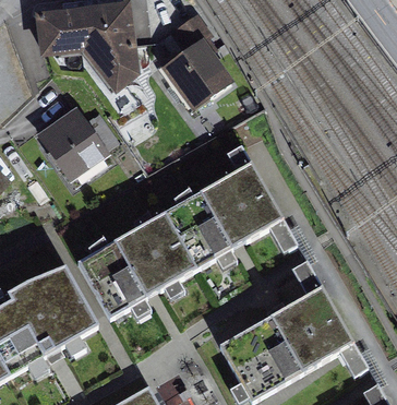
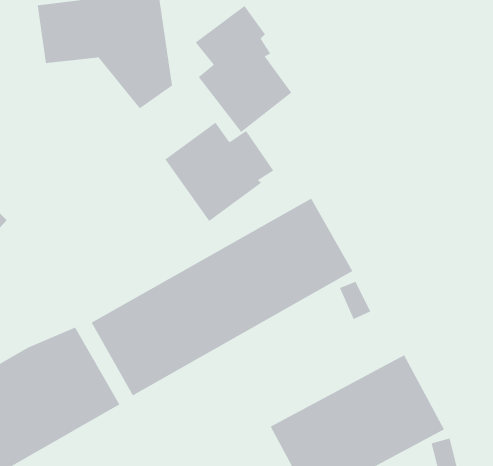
building: [35,106,121,184] -> [165,122,274,222]

